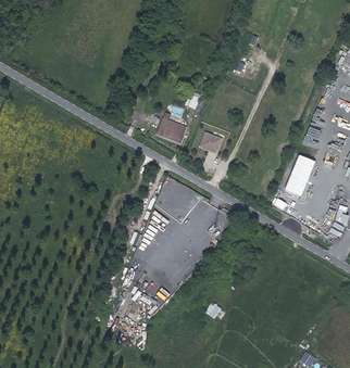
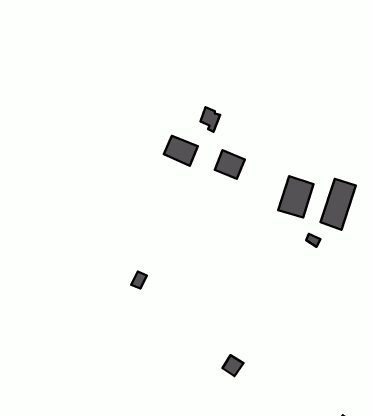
building: none -> [278,176,313,217]

